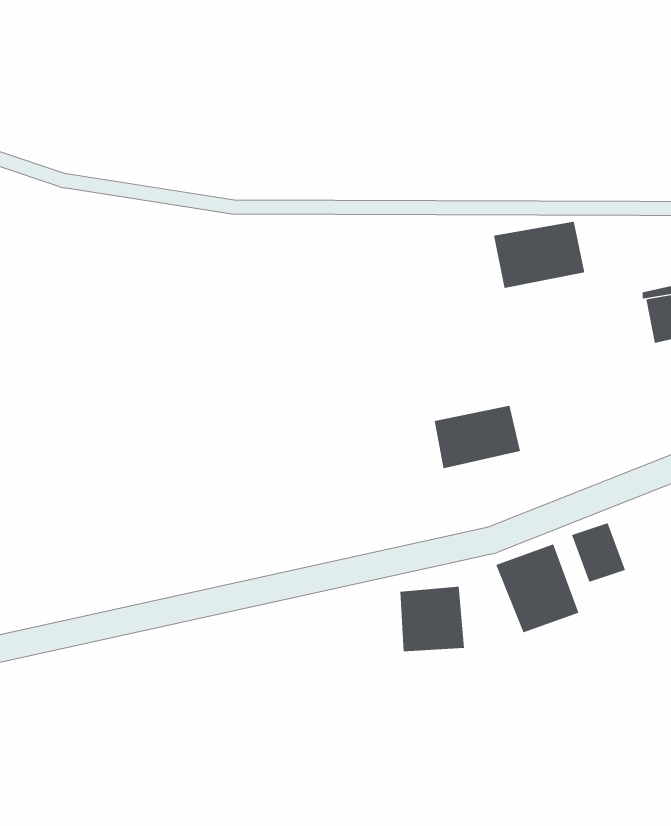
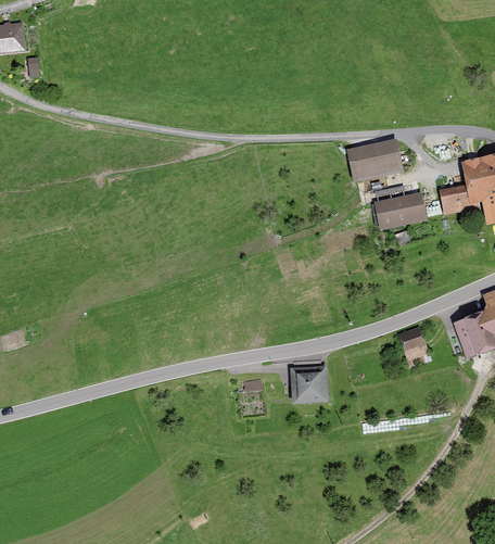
building: [434,405,521,469] -> [375,190,428,229]
building: [496,543,579,633] -> none

